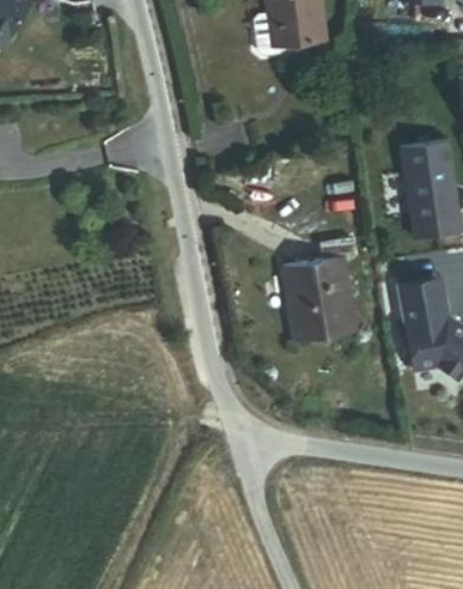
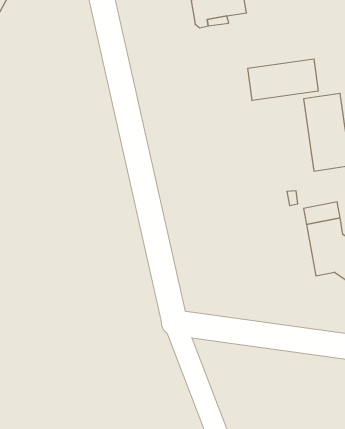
building: none -> [248,59,318,101]
building: [286,236,357,339] -> none

